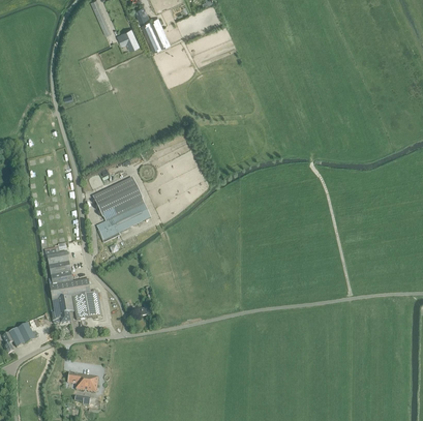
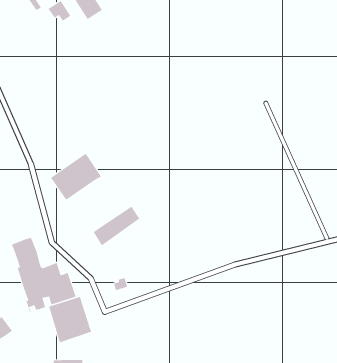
building: [97,205,145,239] -> [93,206,140,246]
building: none -> [48,296,92,343]

